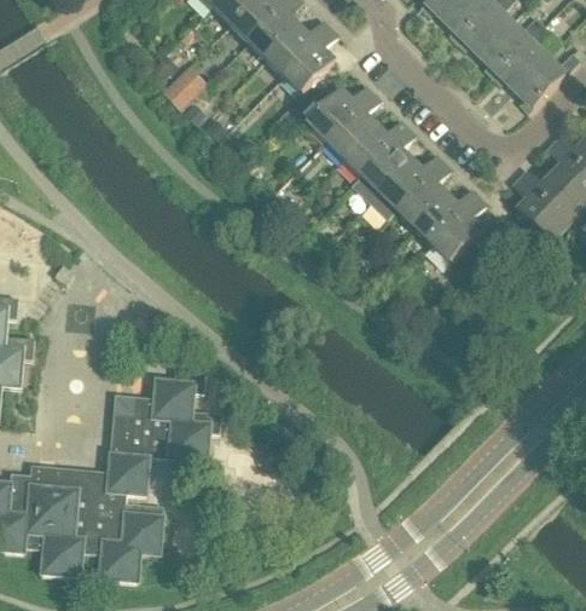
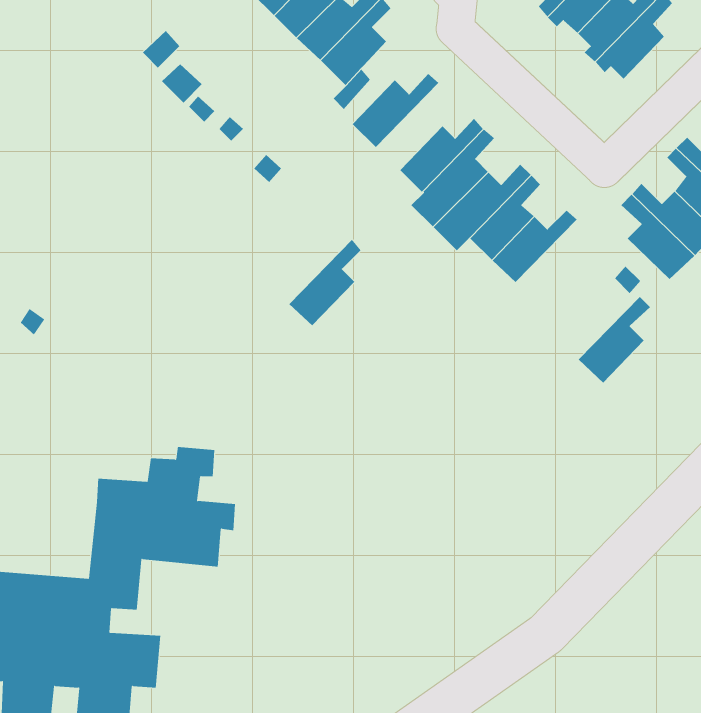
building: [514,56,564,111] -> none
building: [325,91,381,157] -> [288,239,362,326]
building: [431,195,487,261] -> [578,296,651,383]

